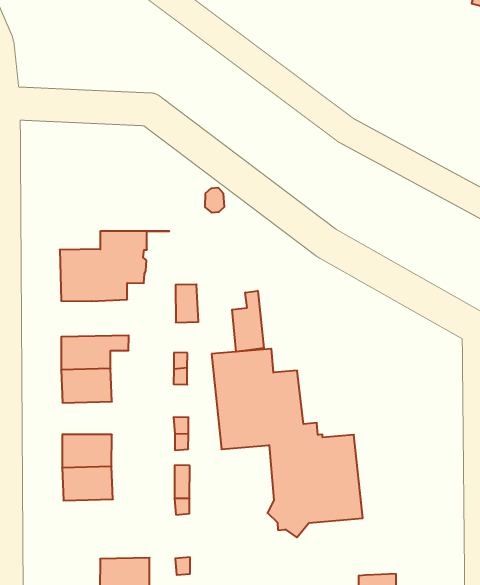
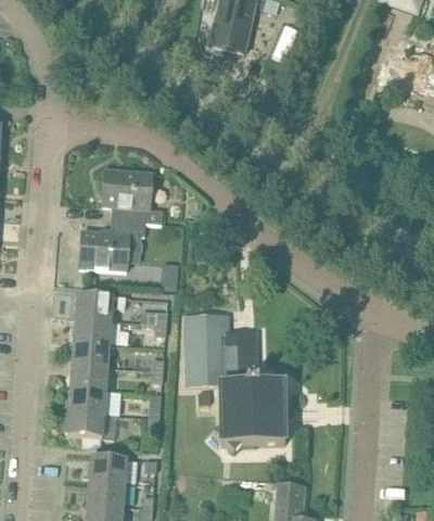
building: none -> [102,168,163,223]
building: [232,291,264,352] -> none
building: none -> [72,340,110,366]
building: none -> [66,410,116,437]

